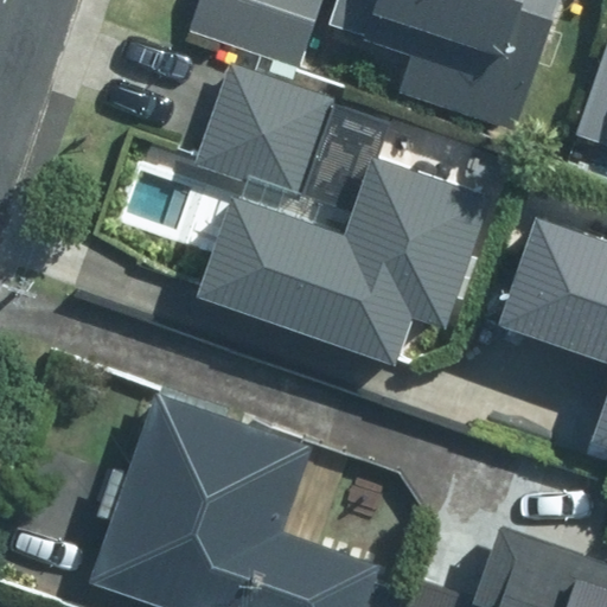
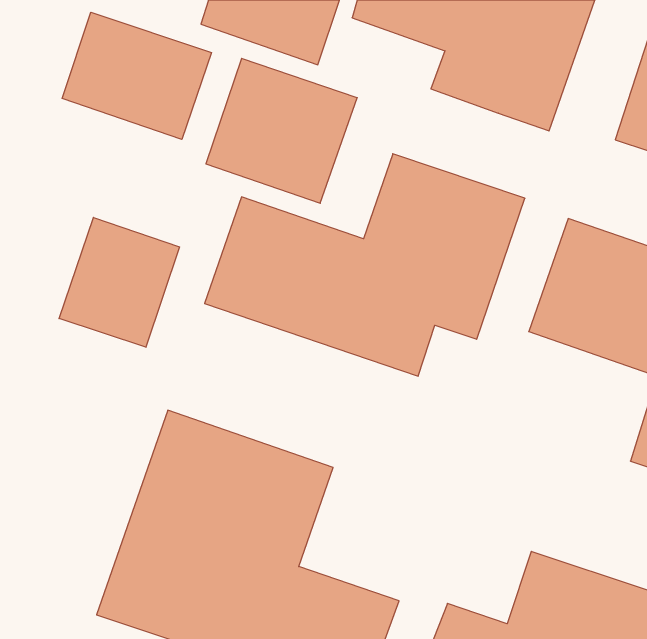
building: none -> [62,12,211,139]
building: none -> [59,217,180,347]

